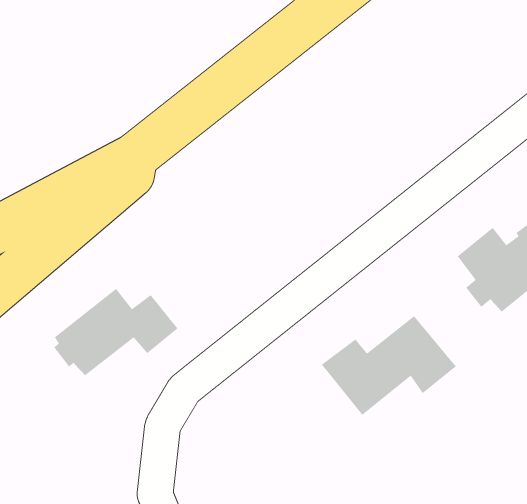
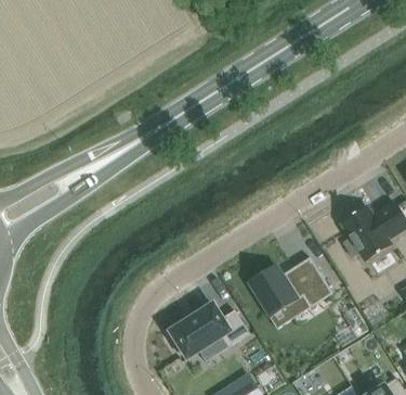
building: [53,288,178,376] -> [169,303,250,357]

